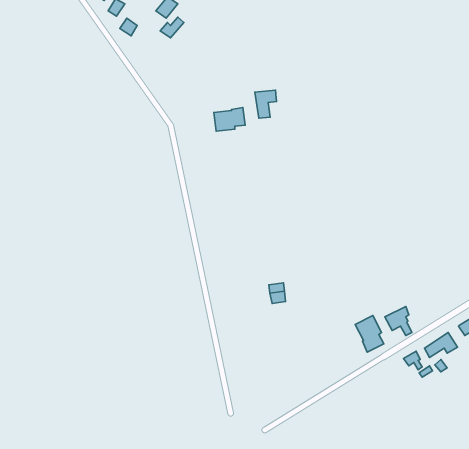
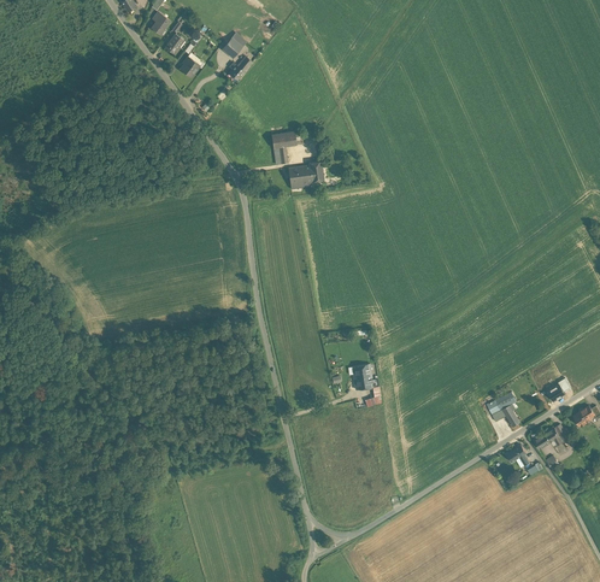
building: [255,90,277,118] -> [270,130,295,163]
building: [355,315,384,352] -> none

